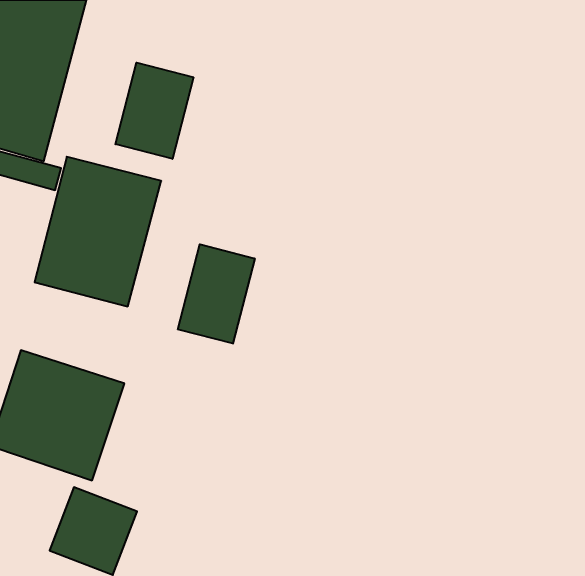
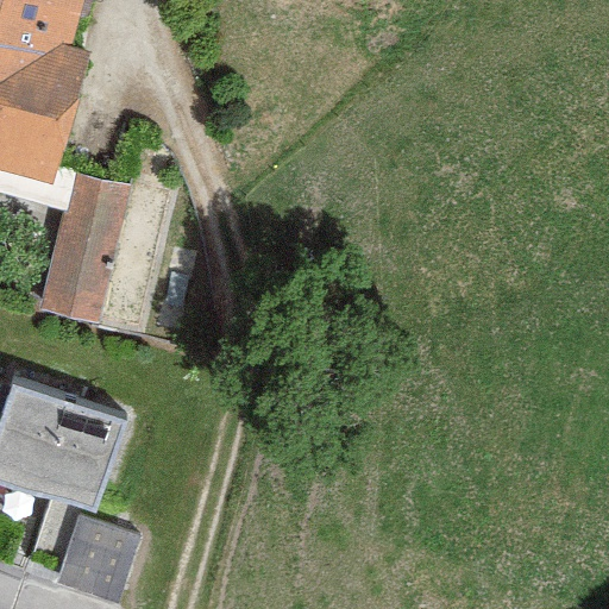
building: [115,63,193,159] -> none
building: [178,244,255,344] -> none

